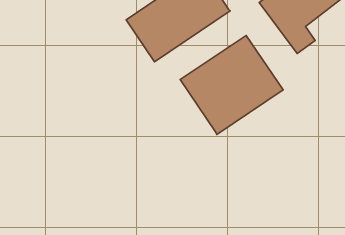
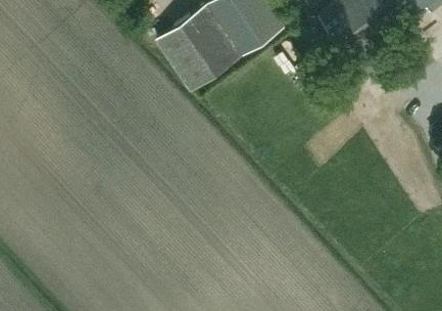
building: [180,36,283,135] -> none

